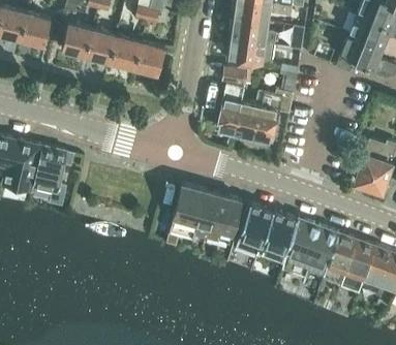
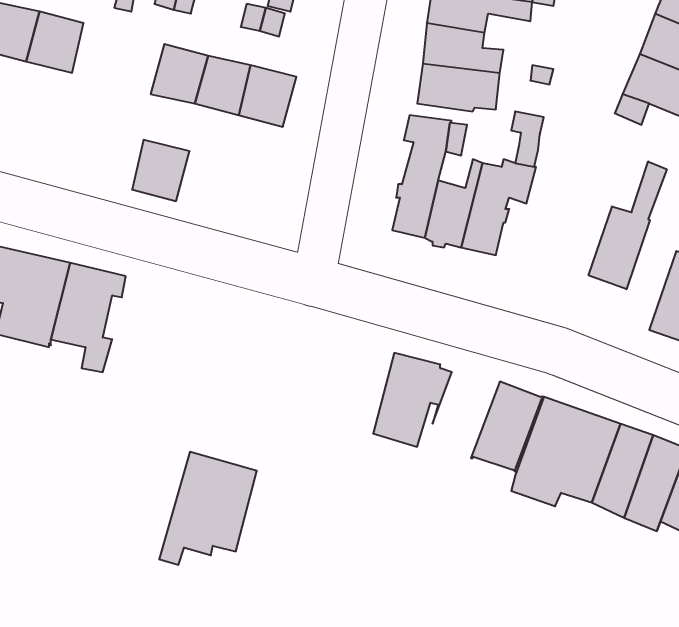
building: [62,23,93,56] -> [132,140,190,201]
building: none -> [589,161,667,289]
building: [164,185,217,246] -> [159,452,257,565]
building: [235,202,274,252] -> none

